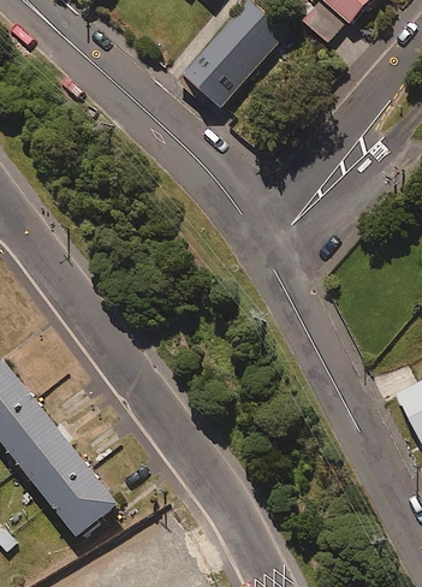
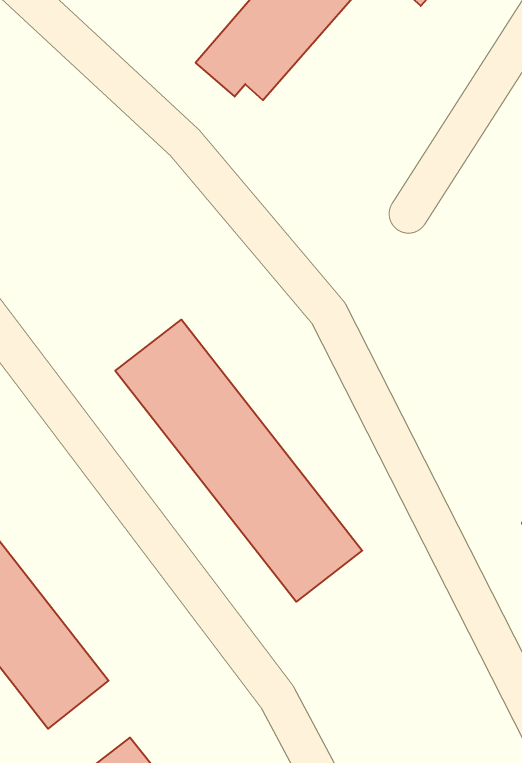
building: none -> [115,320,362,602]

